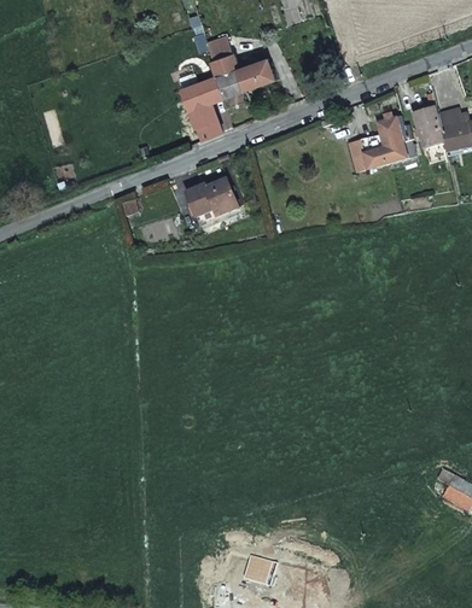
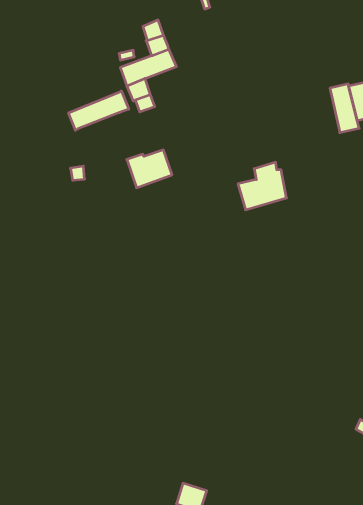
building: [233,59,272,89] -> none
building: [359,116,413,169] -> [238,162,287,210]
building: none -> [69,91,129,130]

